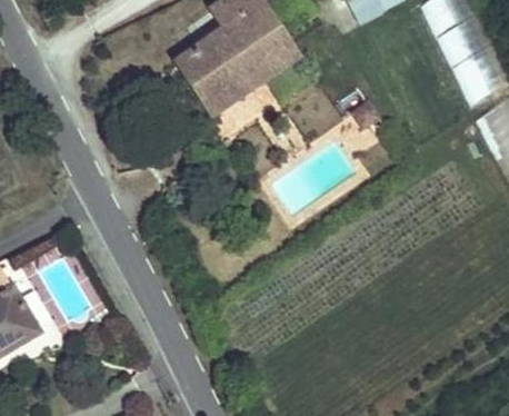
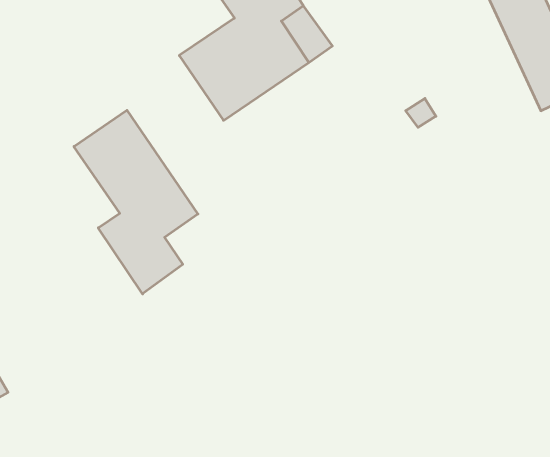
building: none -> [74,110,198,294]

